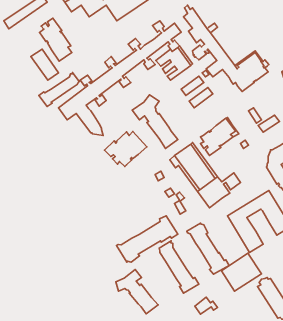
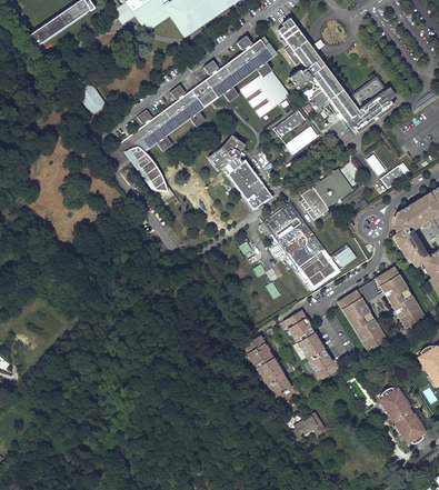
building: [40,18,72,61] -> none
building: [39,73,79,107] -> none
building: [105,131,147,167] -> none
building: [117,216,178,262] -> none
building: [222,253,262,291] -> none
building: [116,270,158,314] -> none

